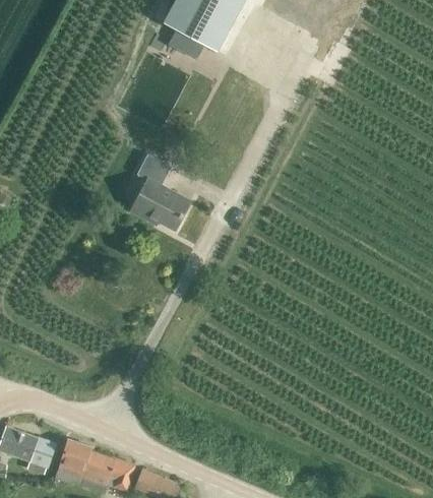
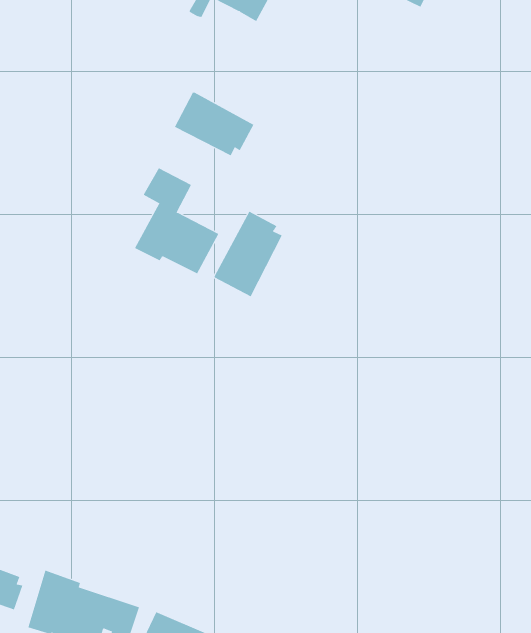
building: none -> [174,92,254,156]
building: none -> [214,211,282,297]

